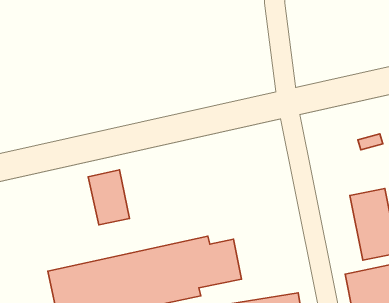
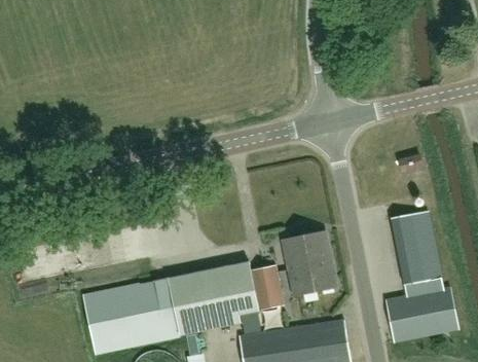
building: [88,170,130,225] -> none
building: none -> [283,230,334,293]

